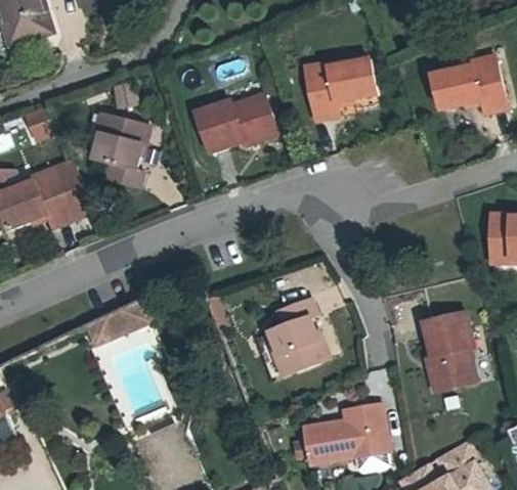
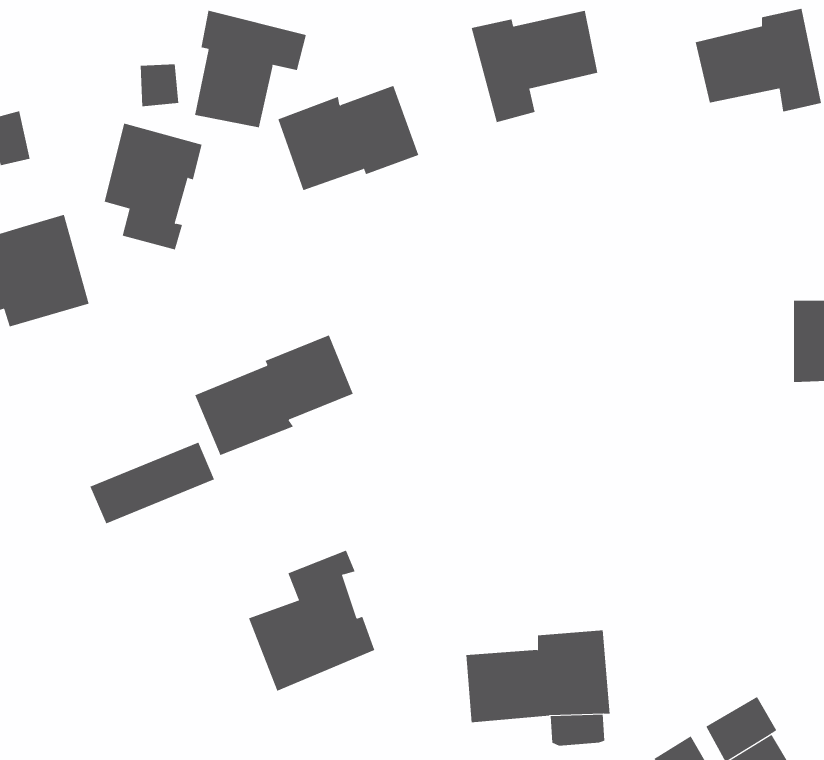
building: none -> [195,10,307,128]
building: none -> [195,335,353,456]
building: [258,302,331,383] -> [248,550,375,691]
building: [420,316,476,396] -> none

